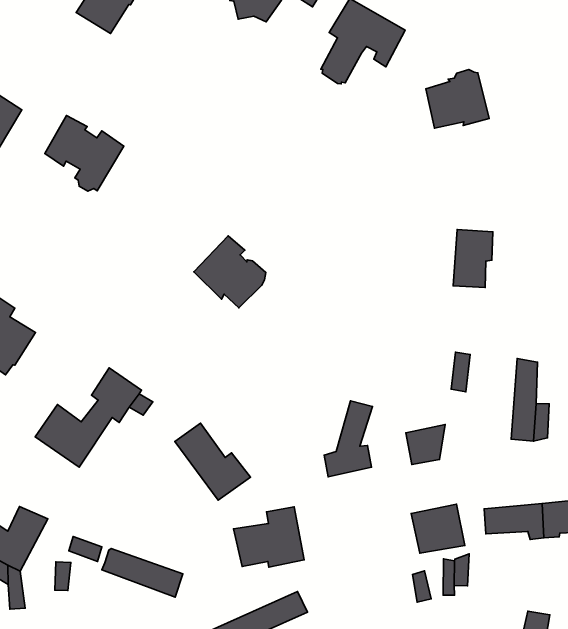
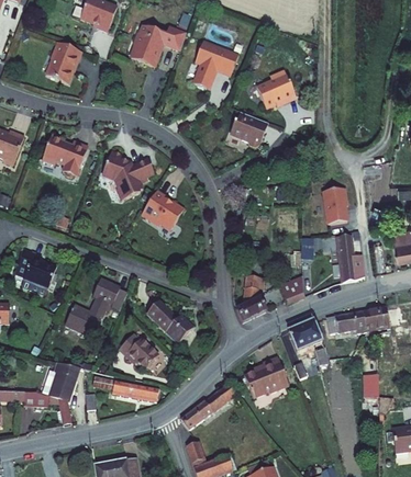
building: none -> [231,110,268,144]
building: none -> [101,149,154,198]
building: [453,230,493,288] -> [319,184,342,219]
building: none -> [121,336,159,366]
building: [233,507,304,567] -> [245,356,289,396]

